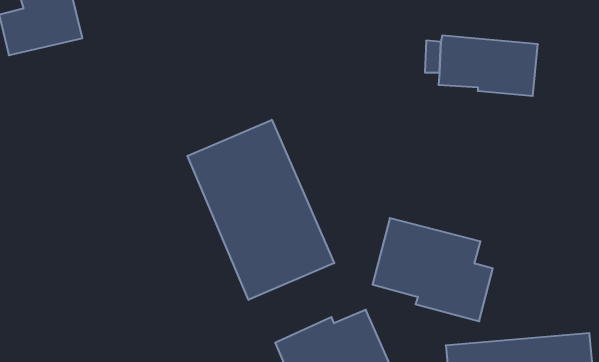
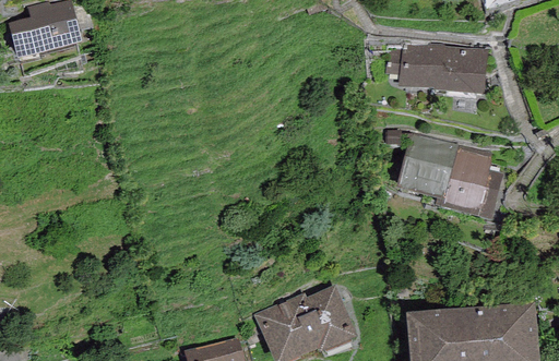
building: [187,120,334,300] -> none
building: [372,218,493,321] -> [395,130,502,221]

